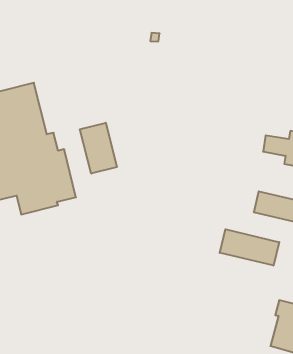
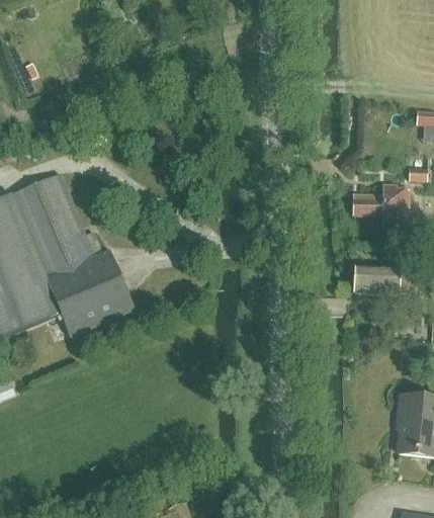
building: [80,123,117,174] -> none
building: [220,229,279,266] -> none

